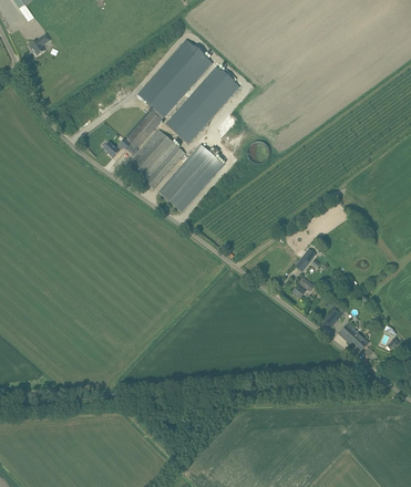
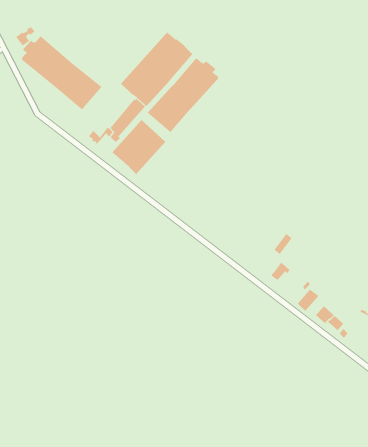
building: none -> [20,35,103,111]
building: [158,143,224,211] -> none

